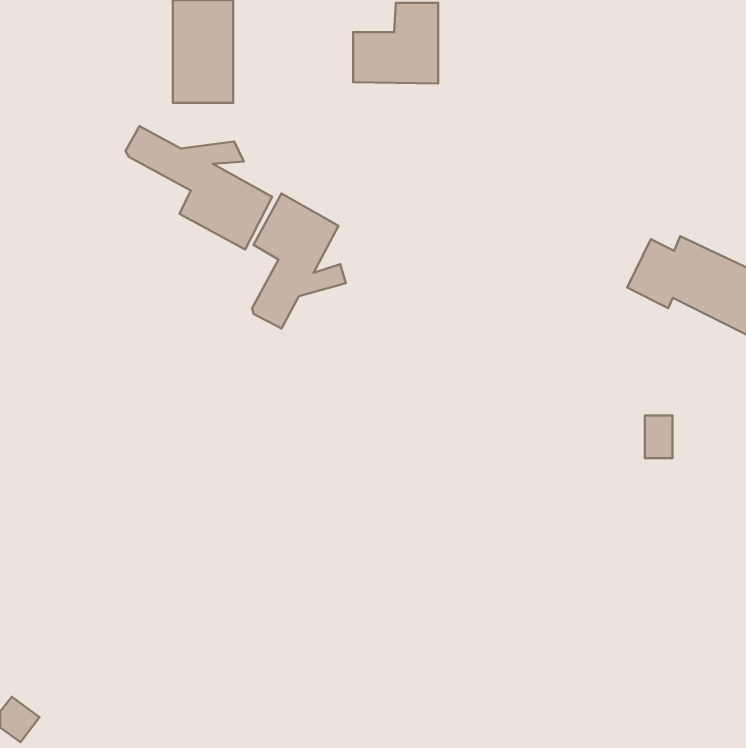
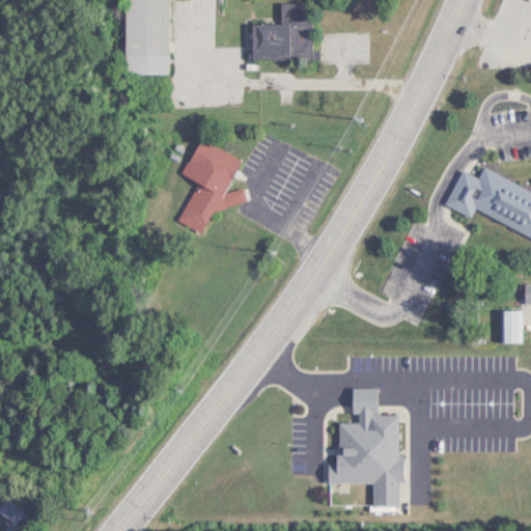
building: [126,126,272,250] -> none
building: [645,416,673,458] -> [502,312,522,342]
building: none -> [328,389,402,506]

